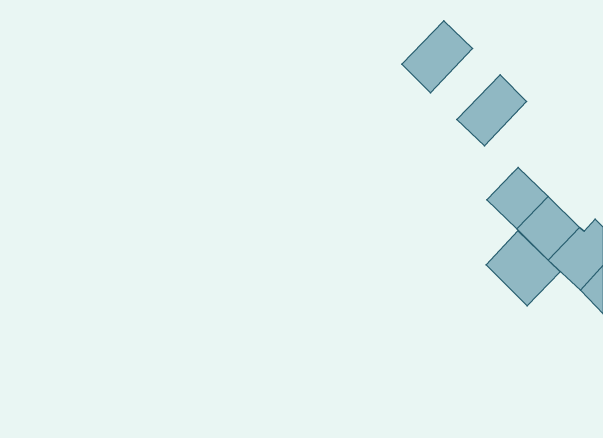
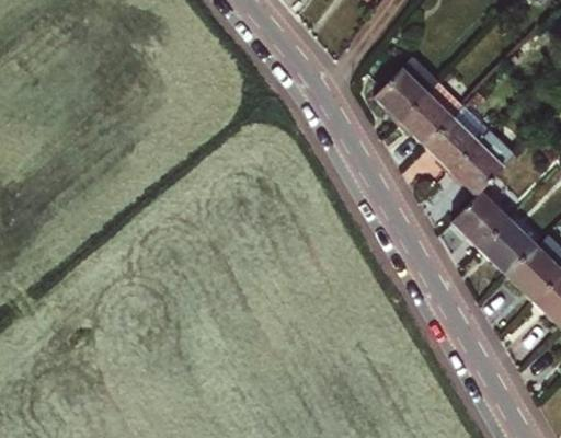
building: none -> [400,81,463,146]
building: none -> [449,129,514,195]
building: [486,231,560,306] -> none

